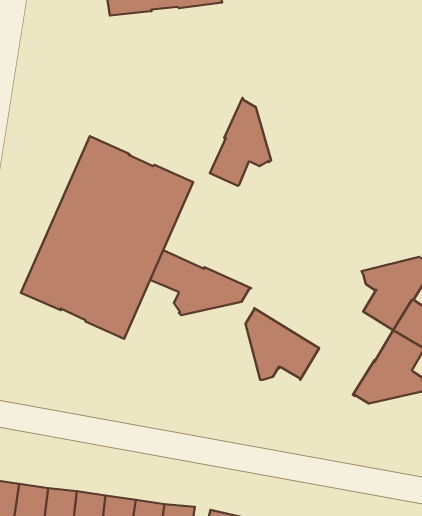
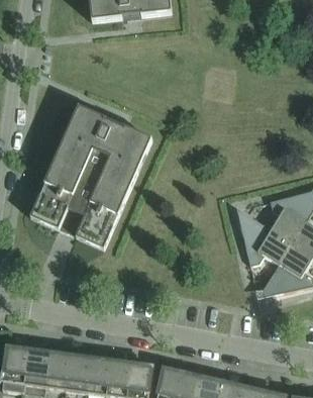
building: [210,98,271,186] -> none
building: [151,250,251,315] -> none
building: [246,308,319,380] -> [240,214,292,265]

